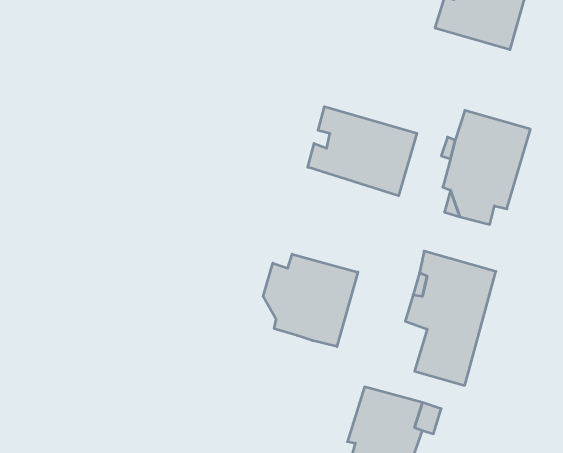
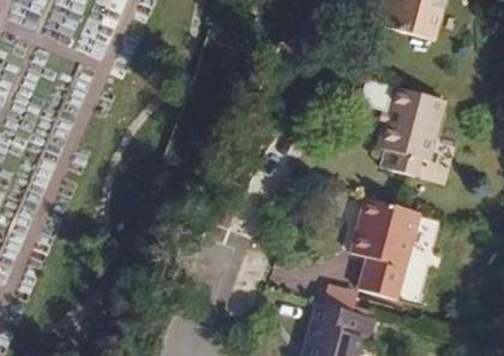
building: [308,107,417,196] -> none
building: [263,254,358,347] -> none

